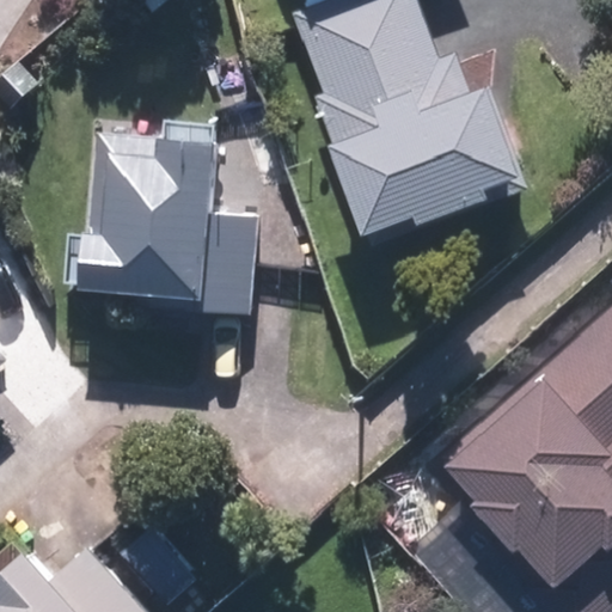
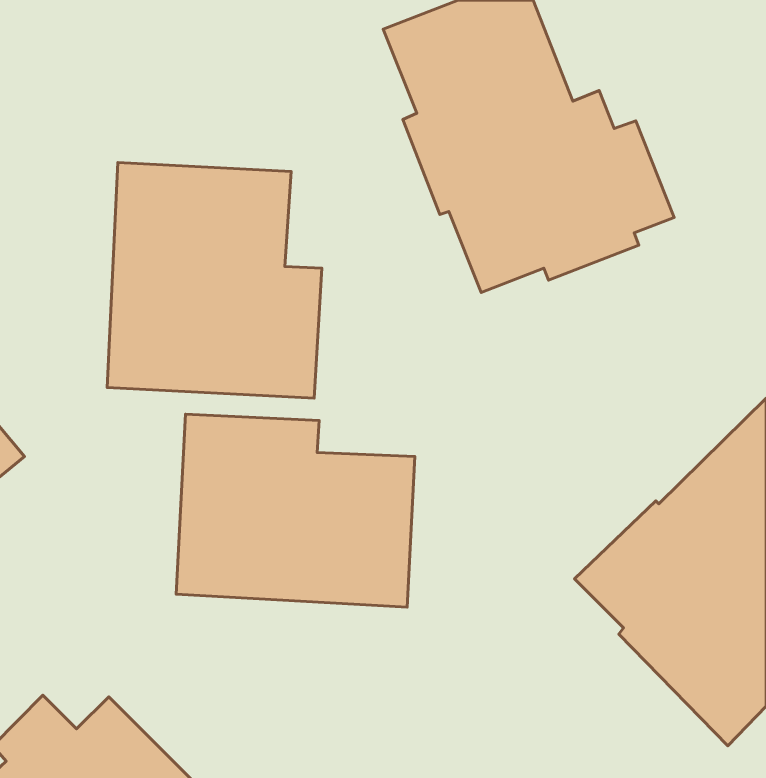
building: none -> [176,414,415,607]

